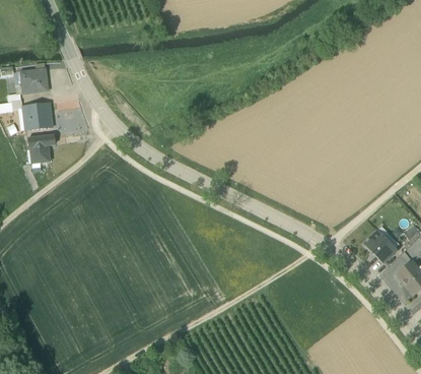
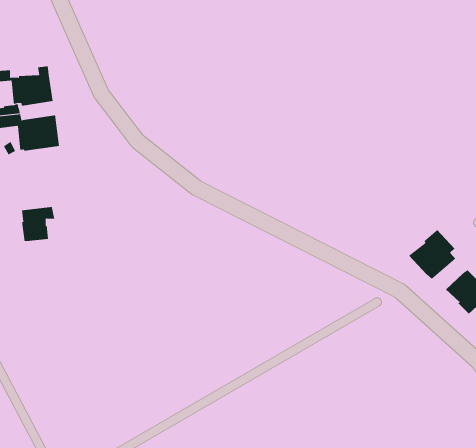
building: [26,135,54,164] -> [21,207,55,242]
building: none -> [408,229,456,280]

